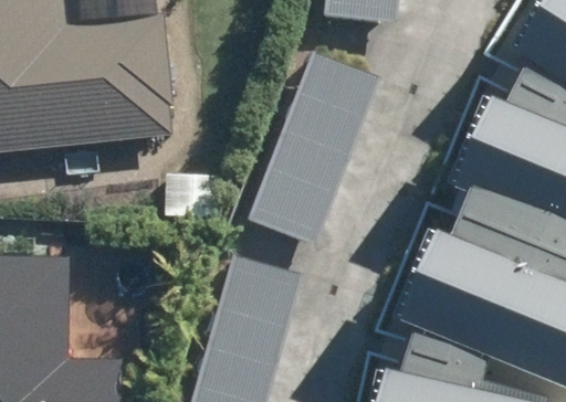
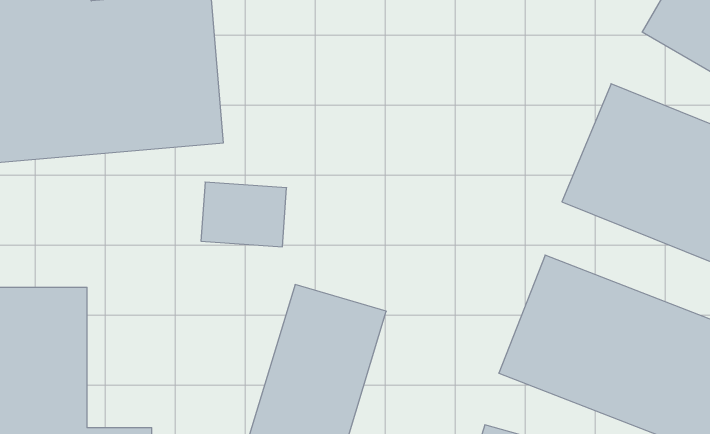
building: [247,47,385,250] -> none

